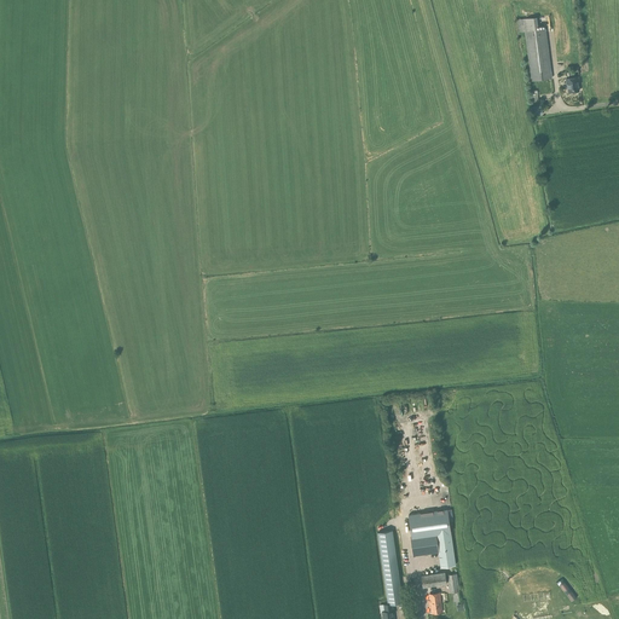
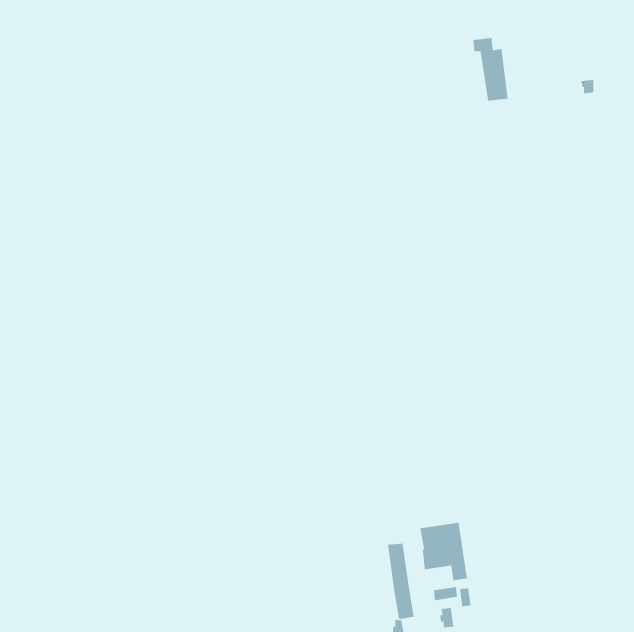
building: [517,18,553,81] -> [472,37,508,102]

